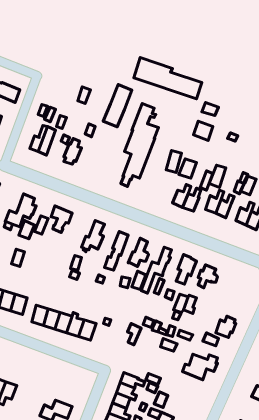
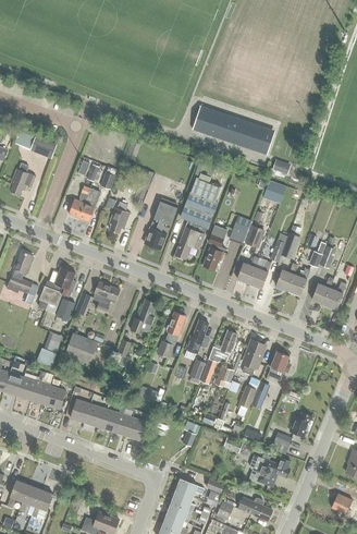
building: [103,84,132,127] -> [144,197,177,247]
building: none -> [202,224,226,269]
building: none -> [64,331,98,364]
building: none -> [238,496,272,519]

